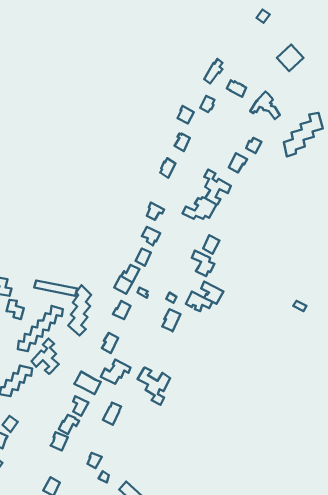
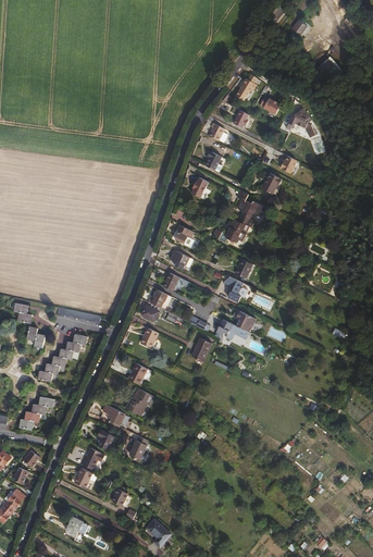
building: [284,113,323,156] -> none
building: [68,285,91,335] -> none
building: [32,338,59,374] -> none
building: [138,367,170,405] -> none

